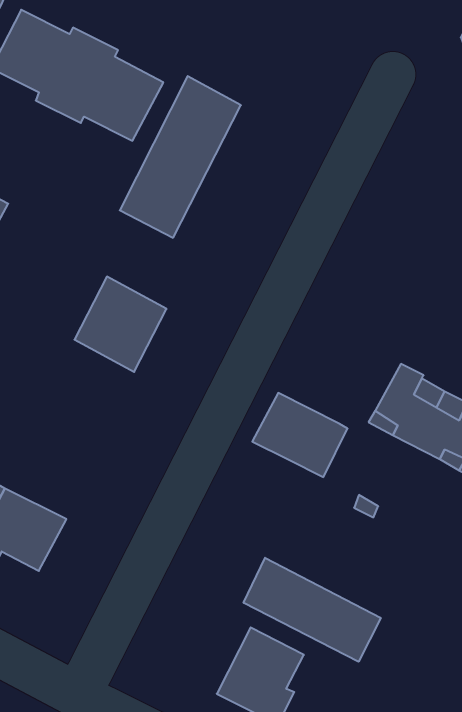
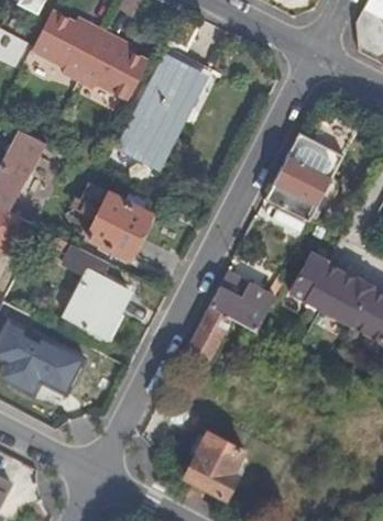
building: none -> [265,133,343,220]
building: none -> [64,245,130,339]
building: none -> [188,306,233,359]
building: [244,558,381,662] -> none

